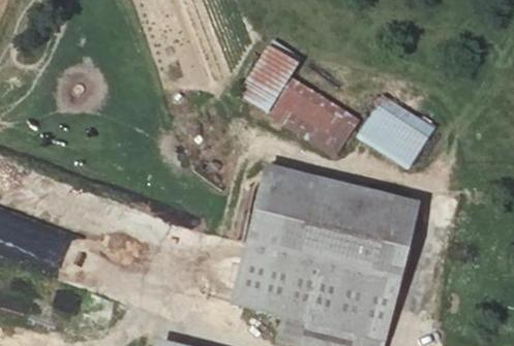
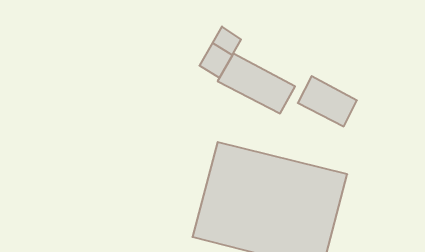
building: [263,162,423,226] -> none

